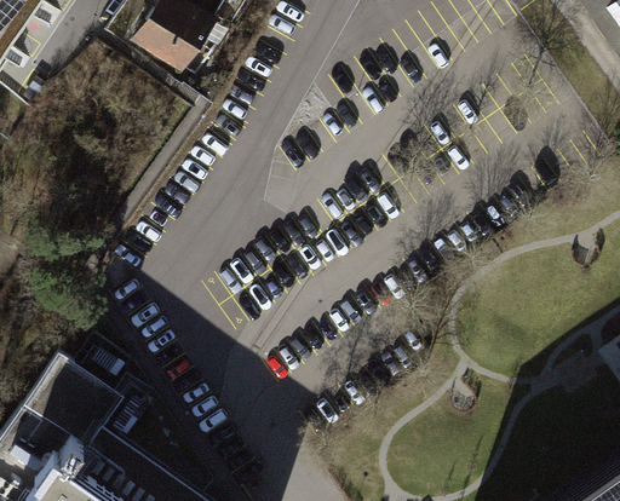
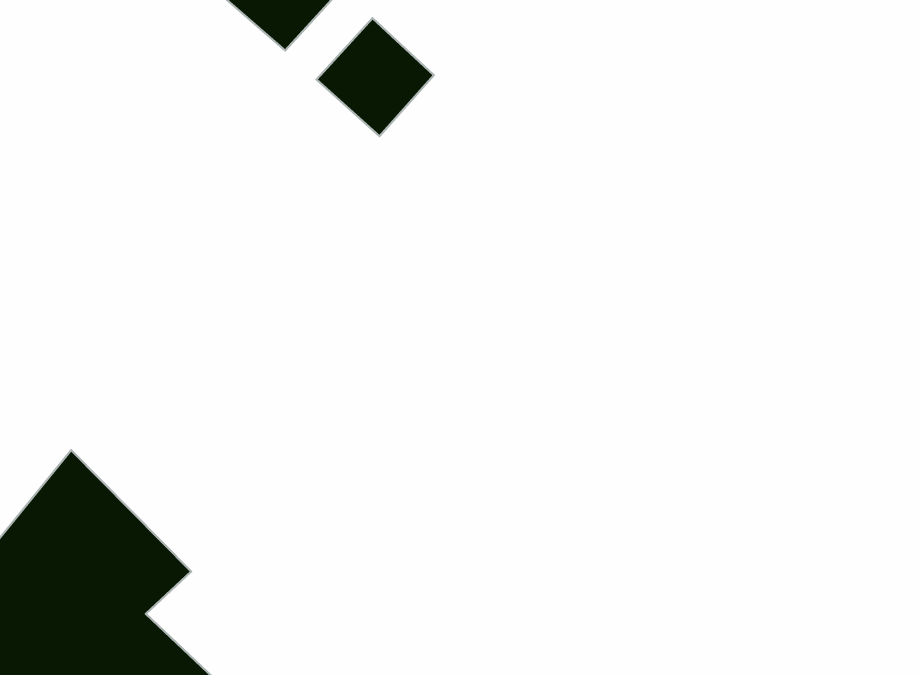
building: none -> [317,18,434,136]

